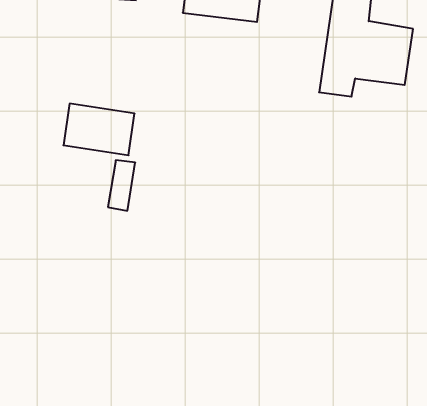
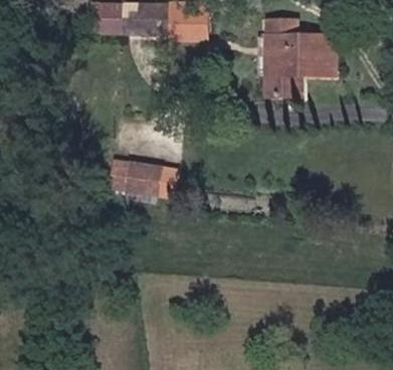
building: [63,104,135,155] -> [123,158,176,195]

